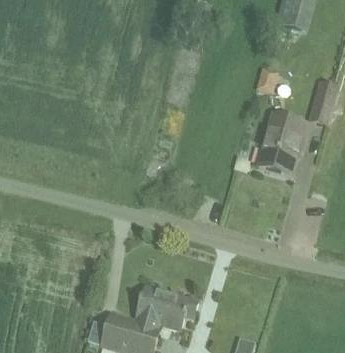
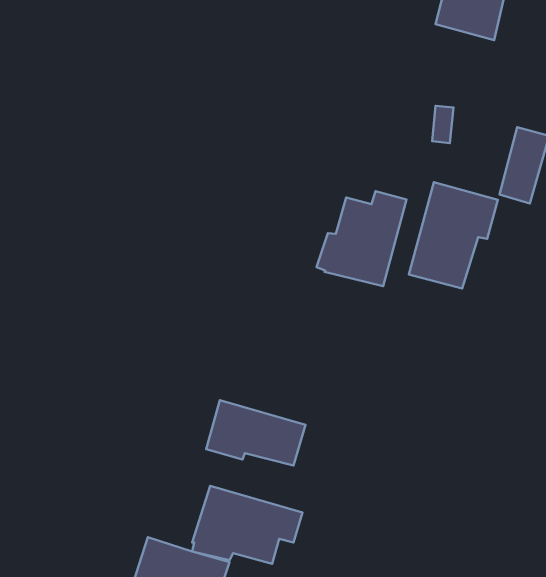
building: none -> [317,191,407,286]
building: none -> [206,400,305,465]

